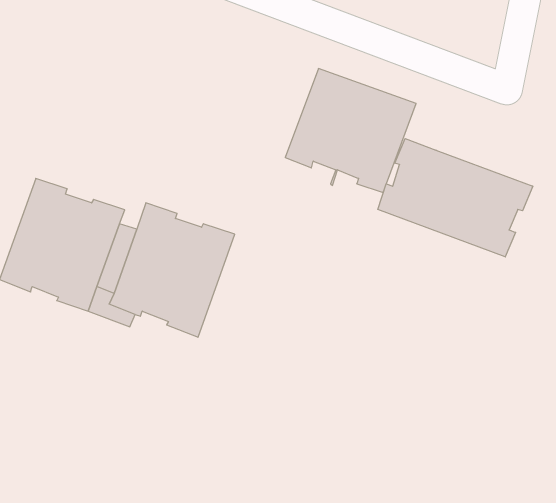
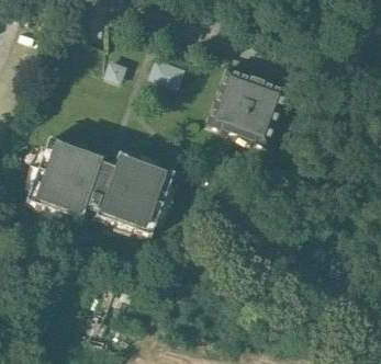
building: none -> [149,55,188,86]
building: [378,139,533,257] -> none

